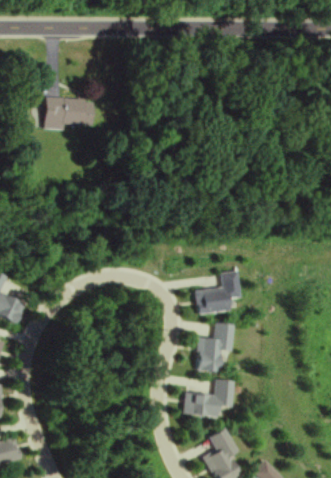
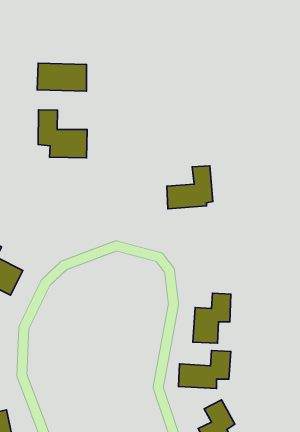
building: none -> [38,110,87,158]
building: [197,271,242,313] -> [167,166,213,209]

